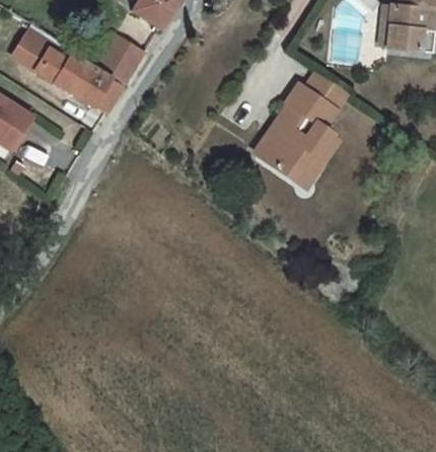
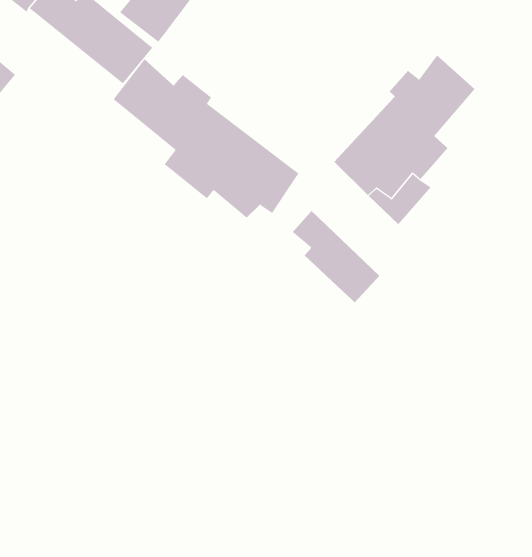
building: none -> [113,58,299,218]
building: none -> [292,210,380,303]

